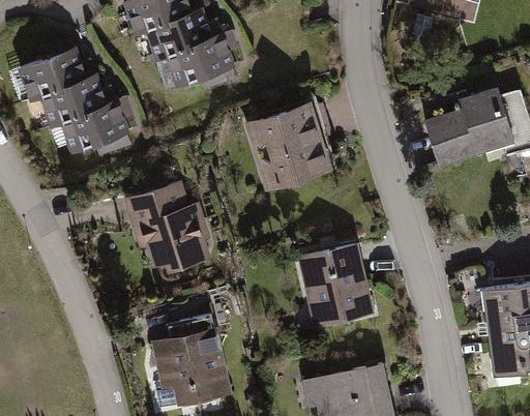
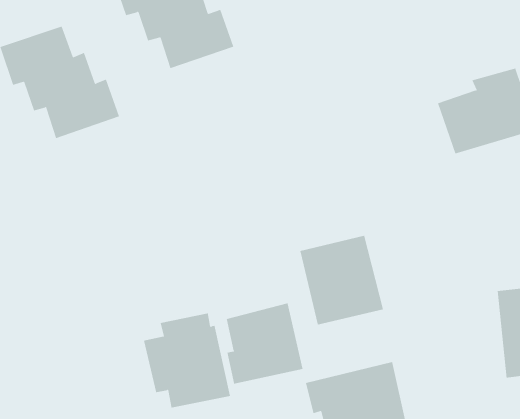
building: [246,102,332,191] -> none
building: [124,179,212,270] -> none
building: none -> [226,303,303,385]

